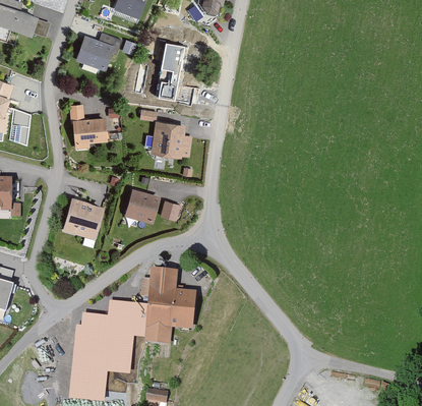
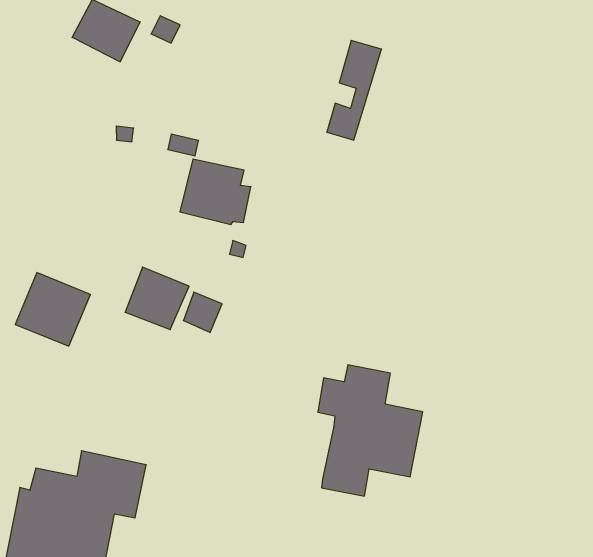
building: [158,43,184,101] -> [327,40,382,140]
building: [70,105,106,148] -> none
building: [137,267,198,342] -> [318,365,423,496]

